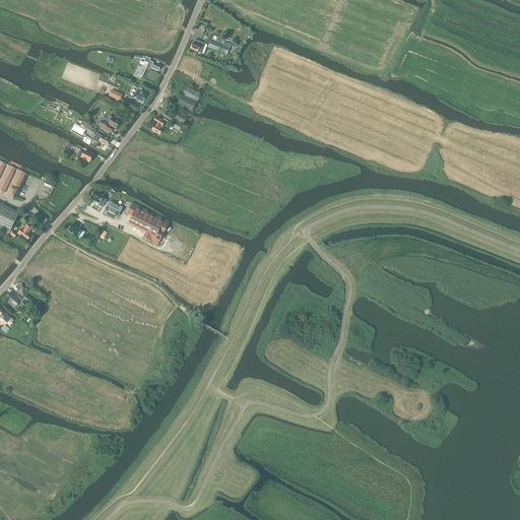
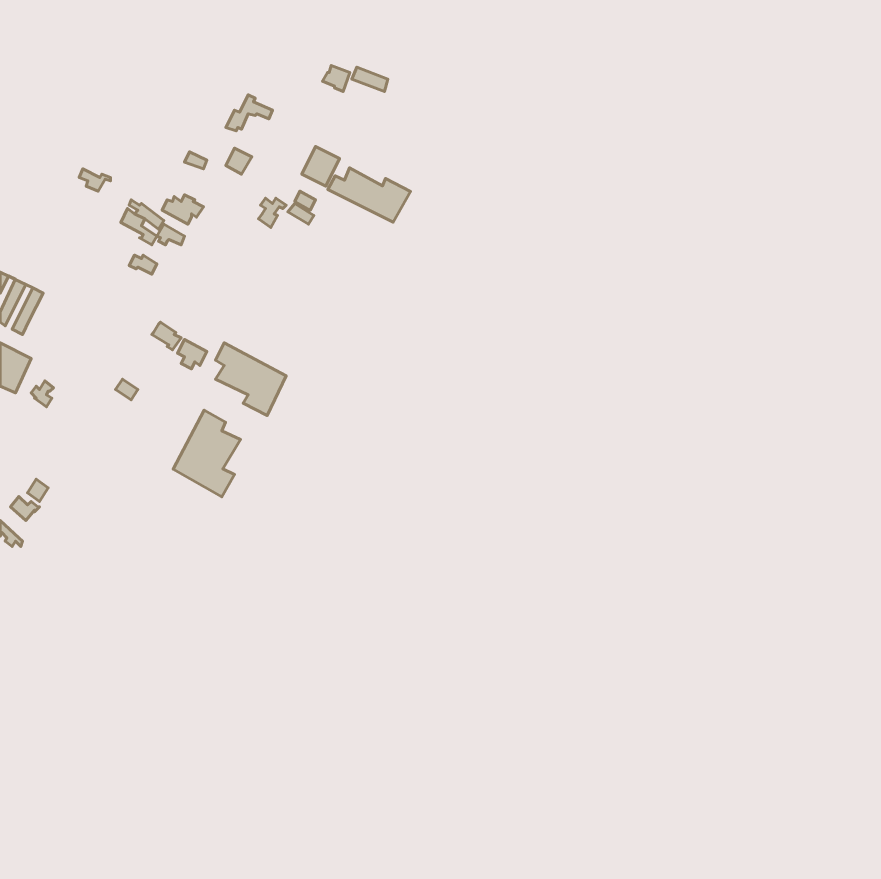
building: none -> [328,168,411,222]
building: none -> [173,410,241,497]

